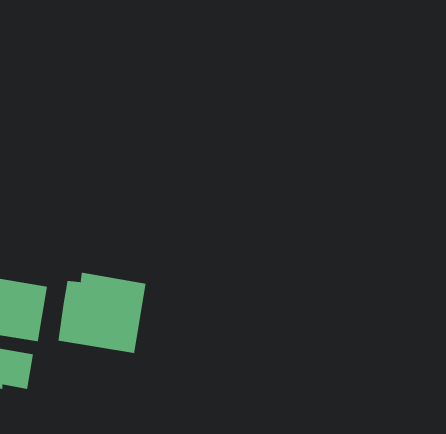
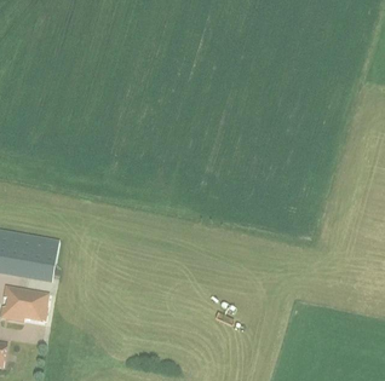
building: [58,272,146,354] -> none

